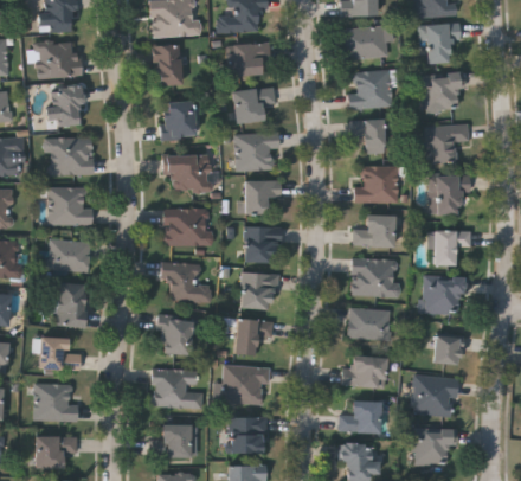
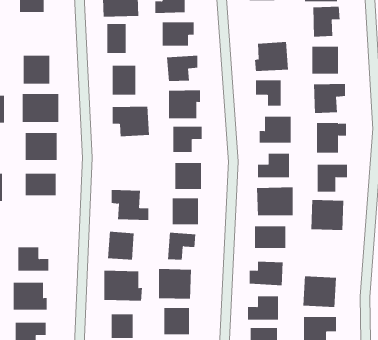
building: [343,27,392,59] -> none
building: [36,40,81,81] -> none
building: [165,209,213,246] -> none
building: [57,283,85,327] -> none
building: [435,335,461,365] -> none

